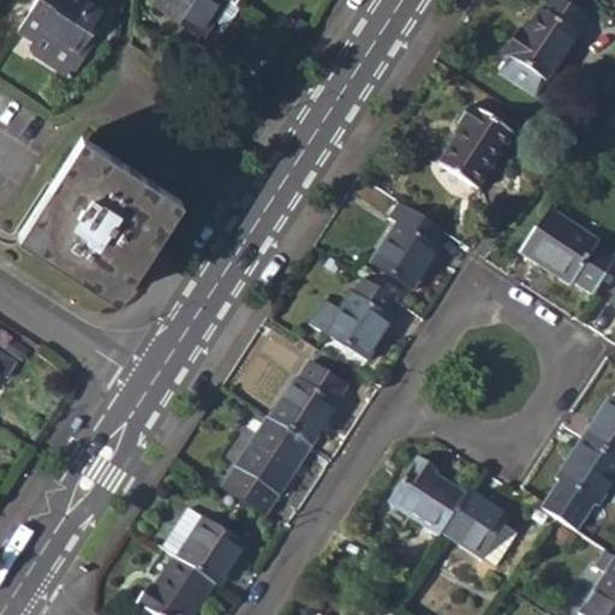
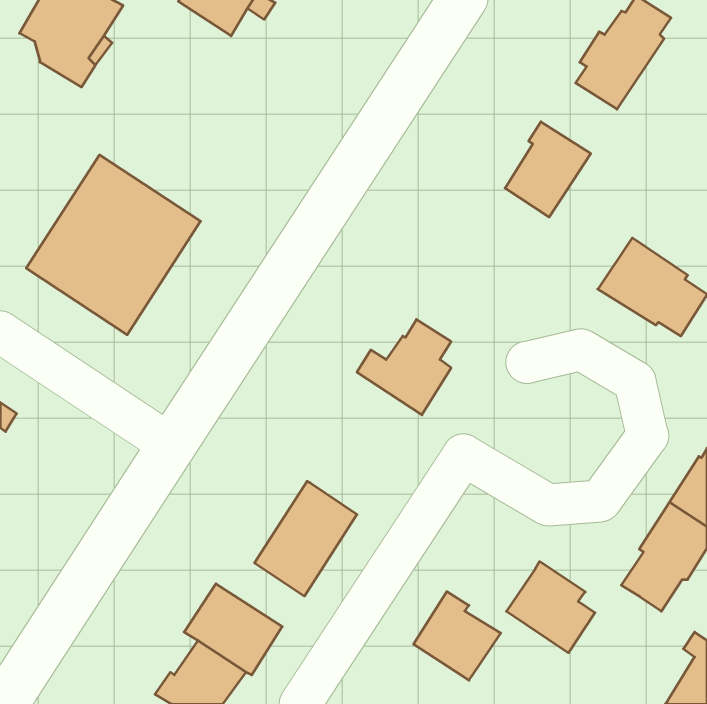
building: [370,202,447,289] -> none
building: [269,360,348,447] -> none
building: [389,458,465,535] -> [414,592,501,680]

